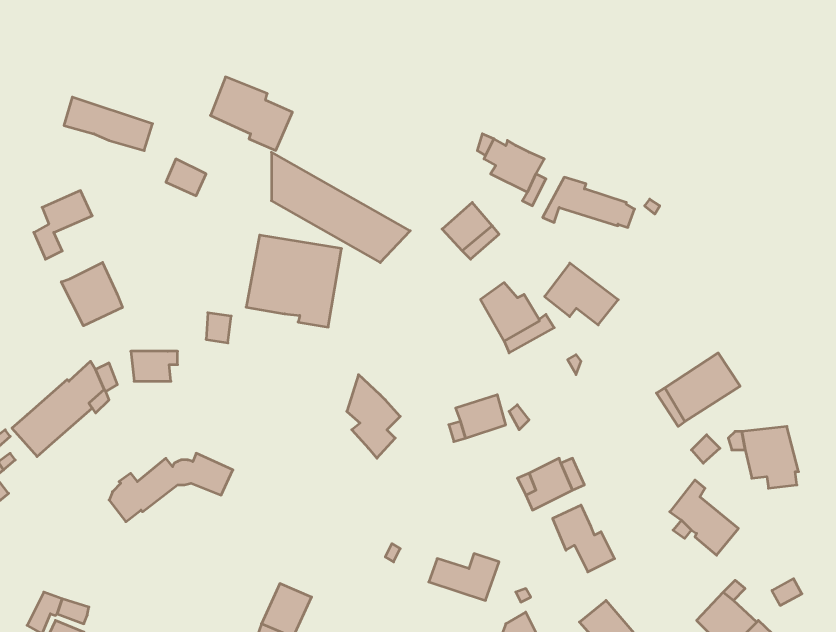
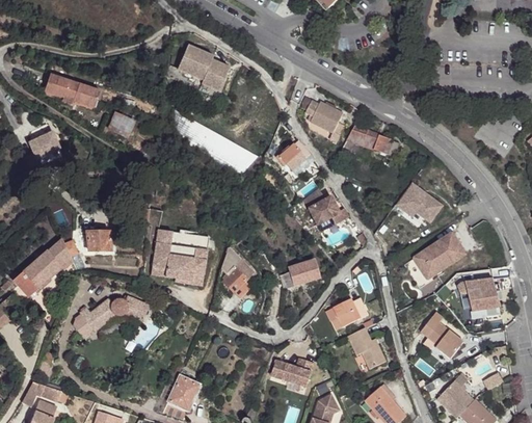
building: [210,77,292,150] -> [178,44,229,89]
building: [246,235,342,327] -> [151,227,210,284]
building: [61,262,122,326] -> none
building: [545,263,618,325] -> [397,182,443,220]

